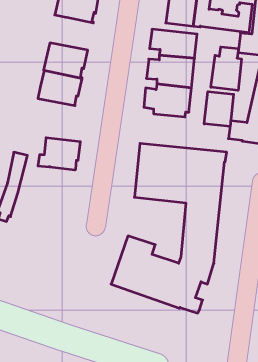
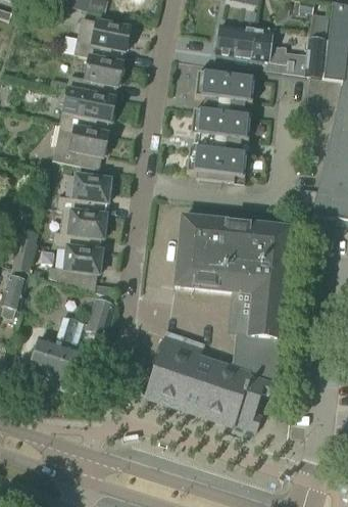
building: none -> [51,55,122,97]
building: [211,47,241,90] -> none
building: [204,92,234,127] -> none
building: none -> [56,173,110,214]
building: none -> [49,245,101,291]
building: none -> [30,297,114,381]

